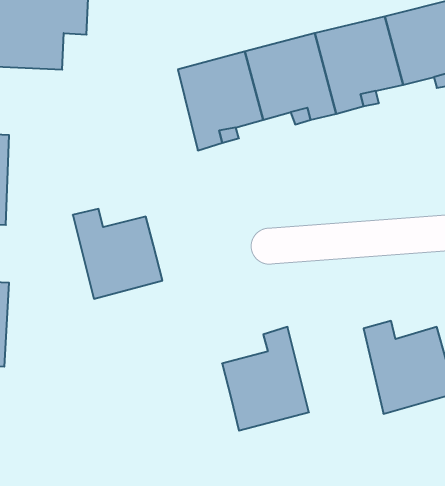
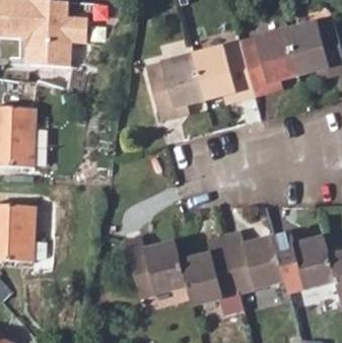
building: [73,209,162,299] -> [123,235,183,295]
building: none -> [220,230,281,292]

